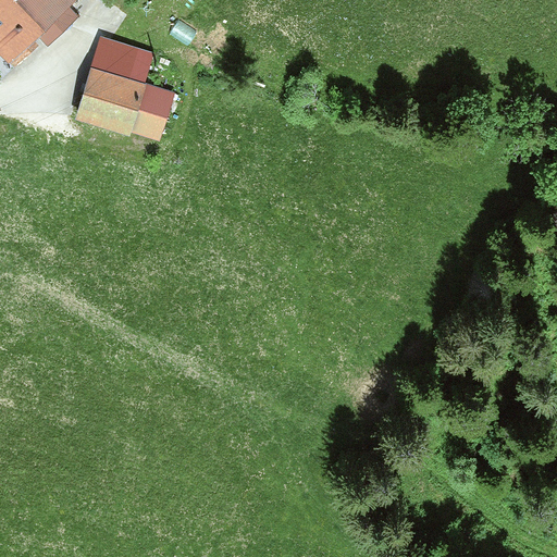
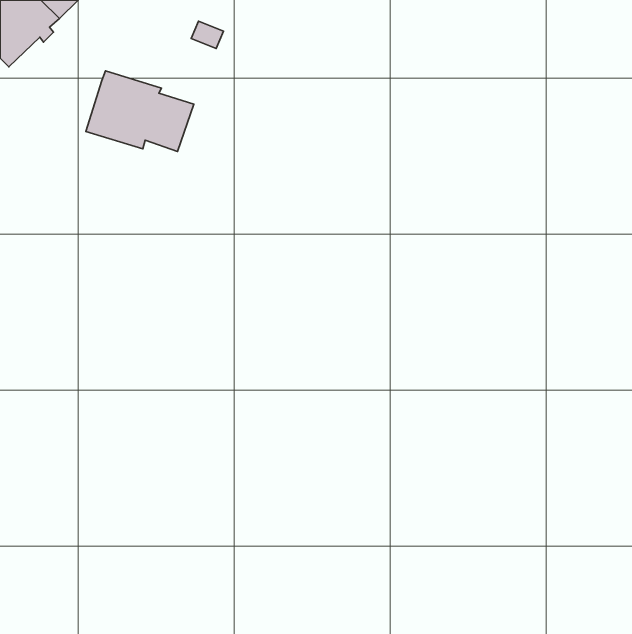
building: [95,39,150,77] -> none

